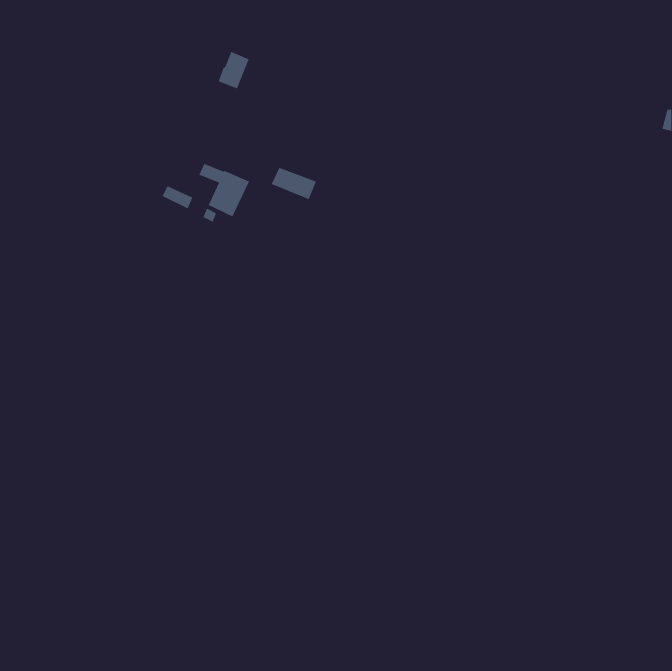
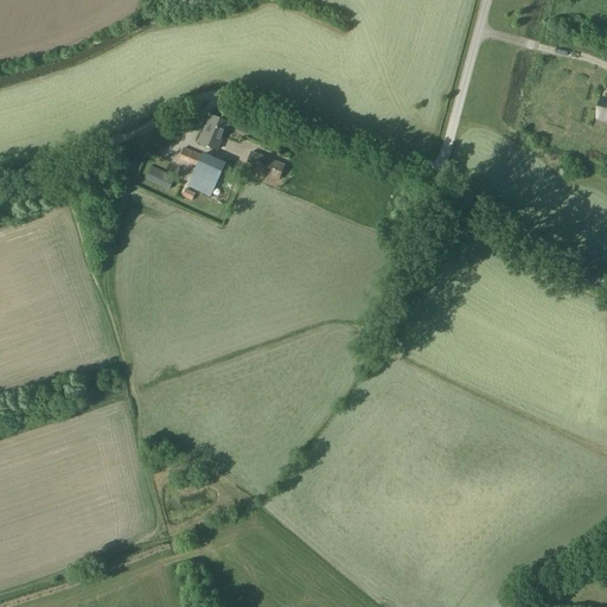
building: [218,51,249,89] -> [199,115,228,149]

